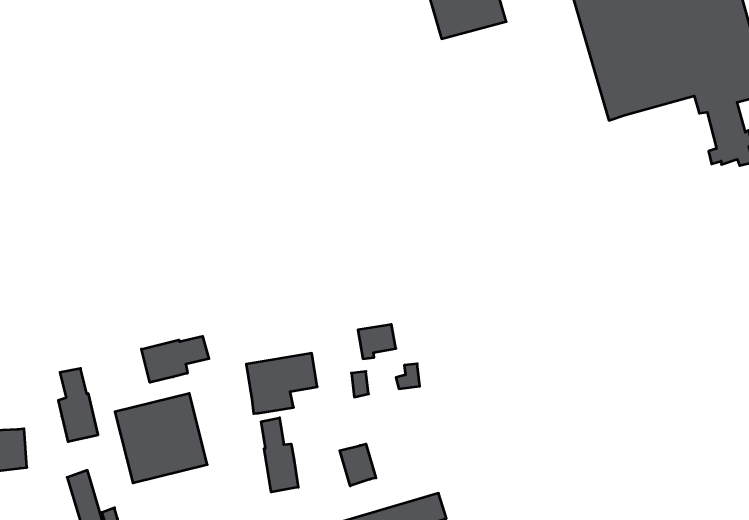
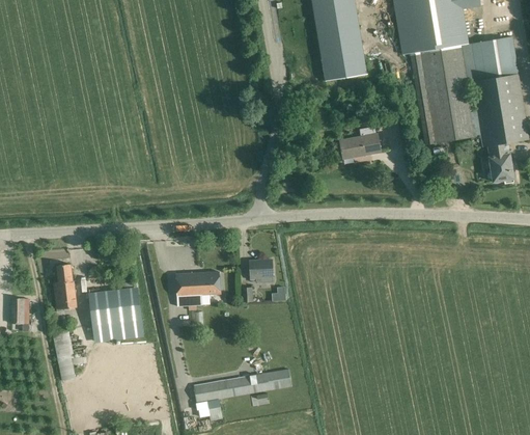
building: none -> [340,126,381,158]
building: [141,336,209,382] -> none
building: [261,418,298,492] -> none
building: [340,444,376,486] -> none

